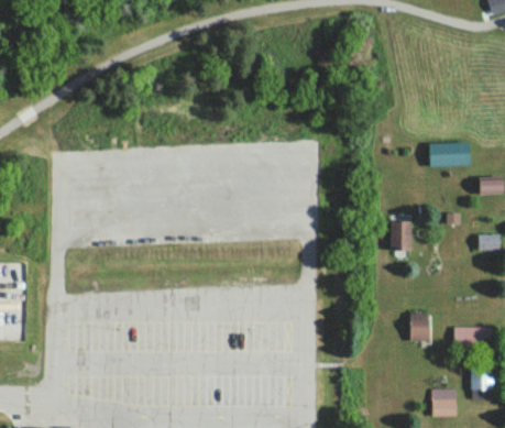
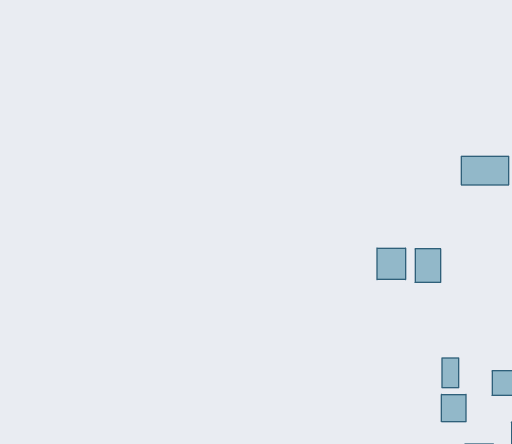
building: none -> [377,248,405,280]
building: none -> [442,394,466,422]

